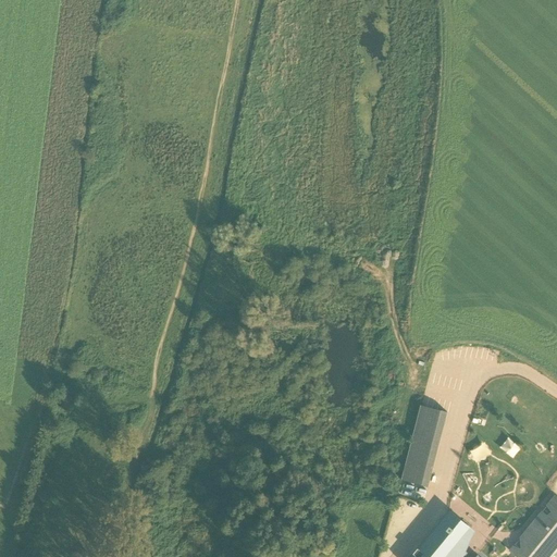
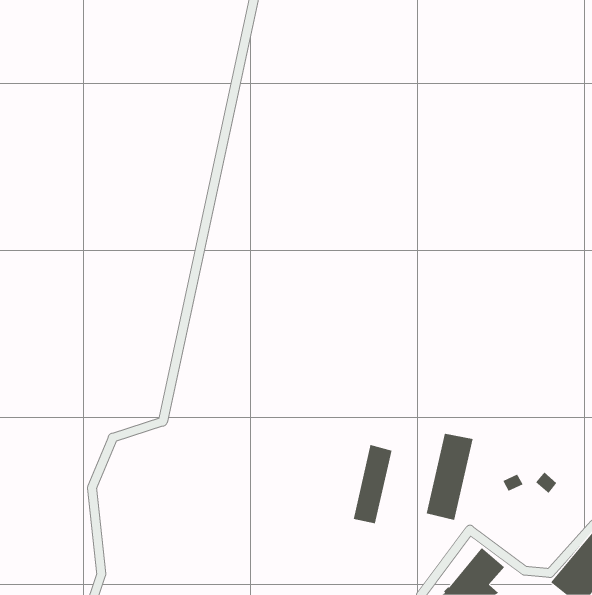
building: none -> [353,444,392,524]

